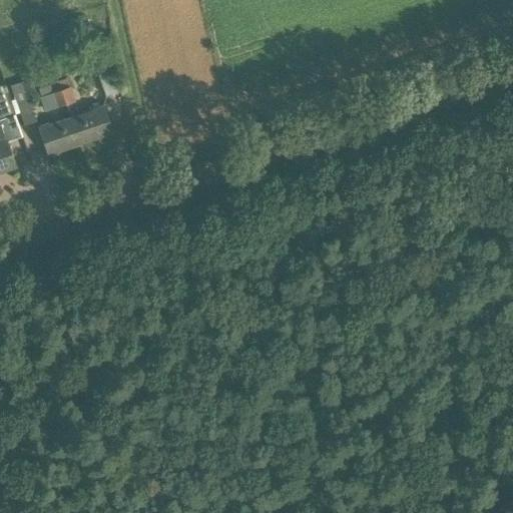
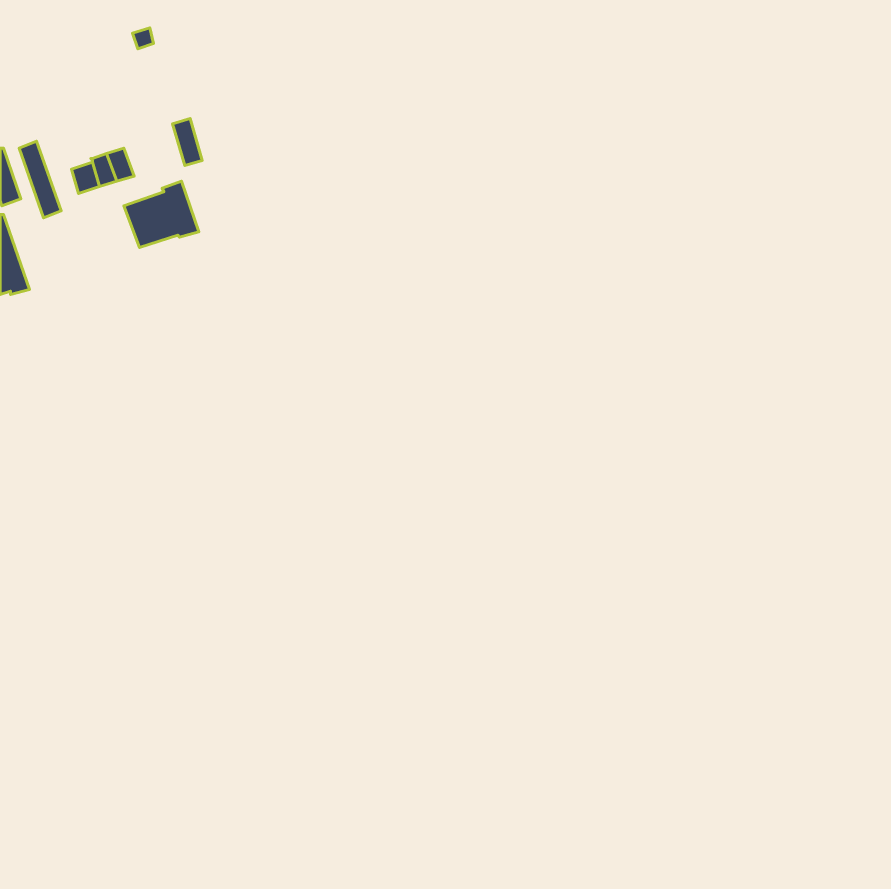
building: [38,118,80,155] -> none

